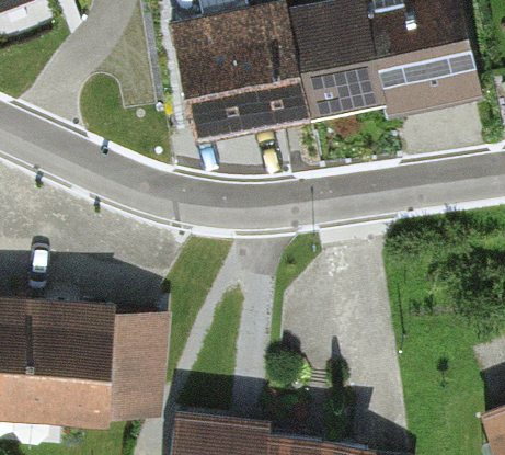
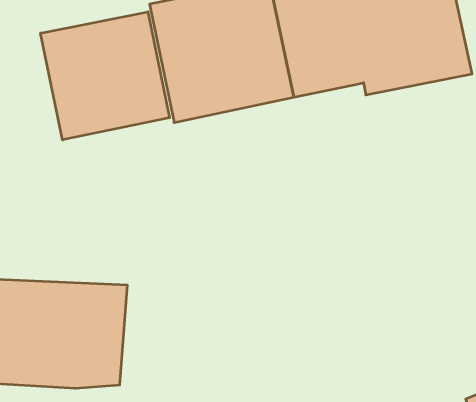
building: none -> [41,12,170,140]

